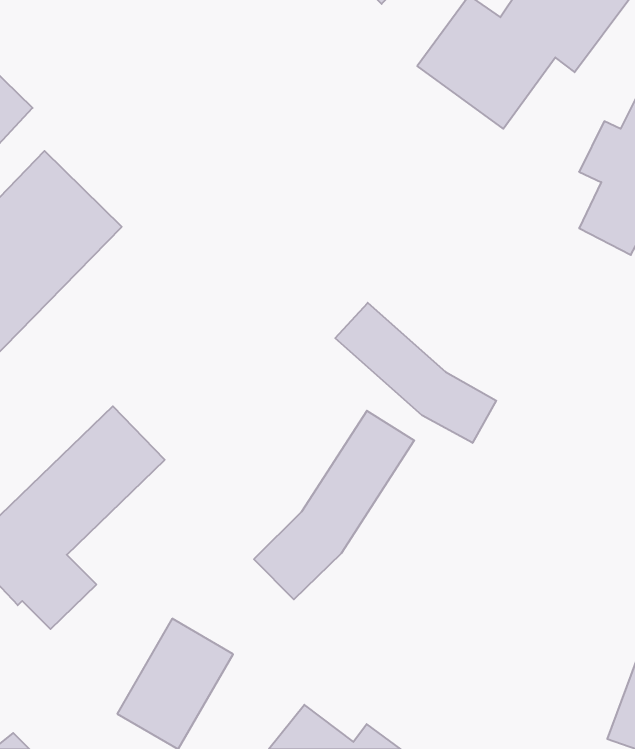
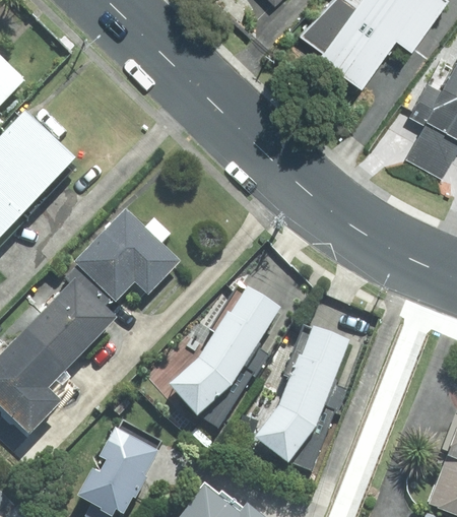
building: [335,303,496,443] -> none
building: none -> [78,212,180,300]
building: none -> [259,325,355,461]

